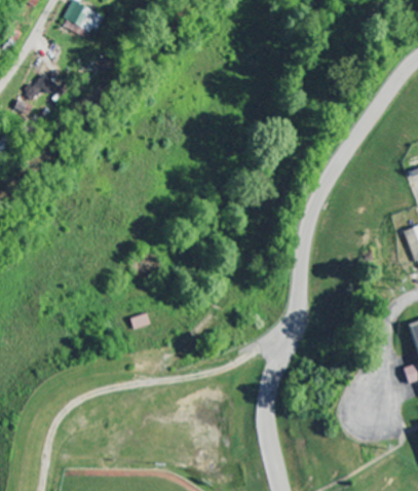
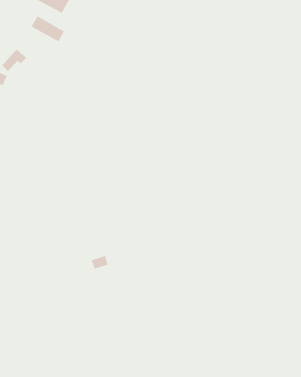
building: none -> [30,15,65,42]

